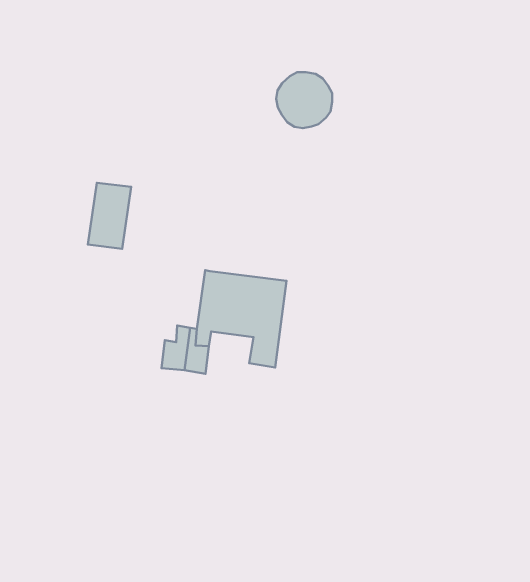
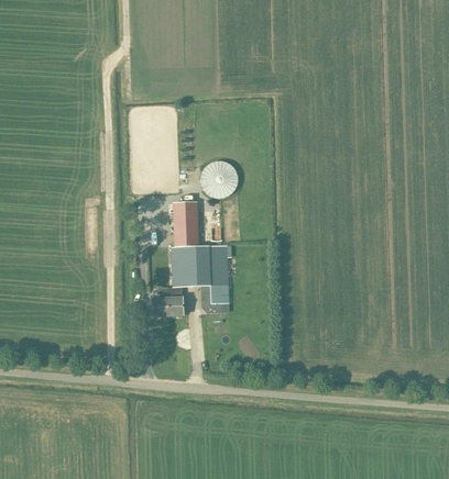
building: [276,72,332,128] -> [200,160,238,198]
building: [88,183,131,249] -> [173,203,197,246]

